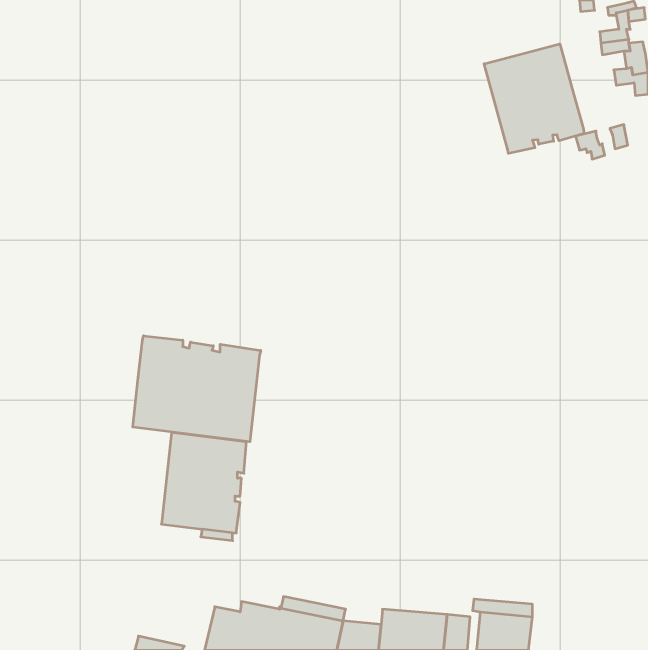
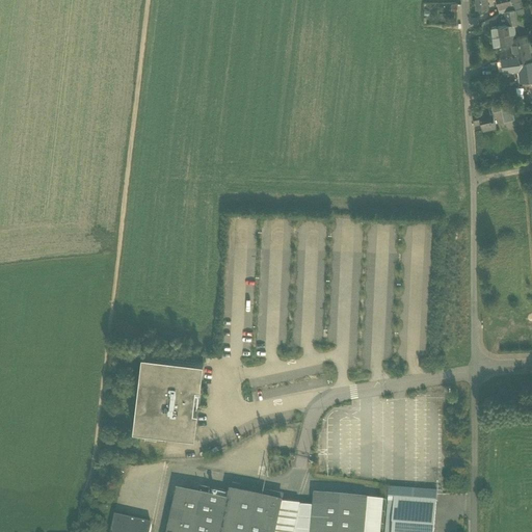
building: [484,44,584,153] -> none
building: [133,336,261,442] -> none

